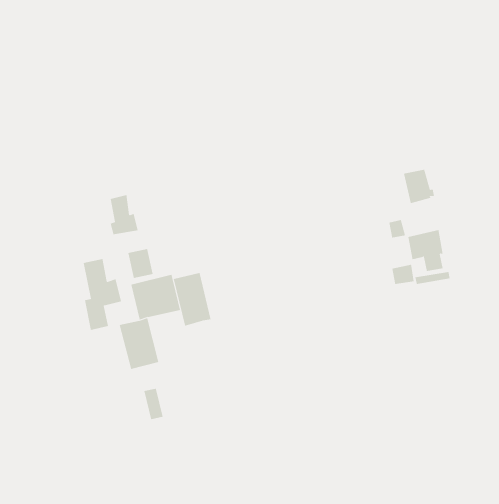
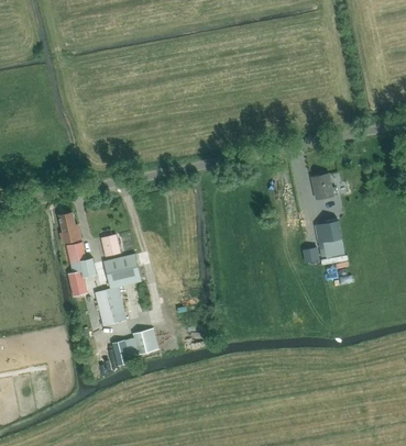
building: [110,195,139,235] -> [58,211,80,242]
building: [173,272,211,326] -> none
building: none -> [132,327,157,354]

